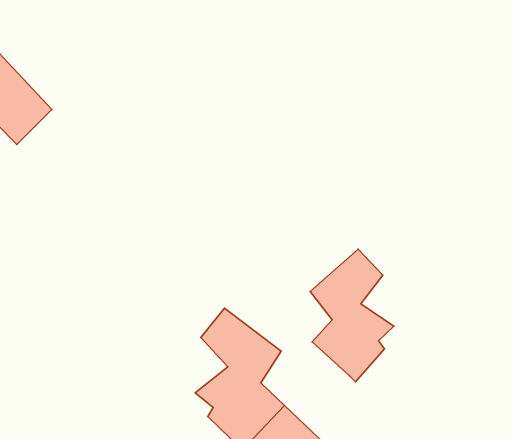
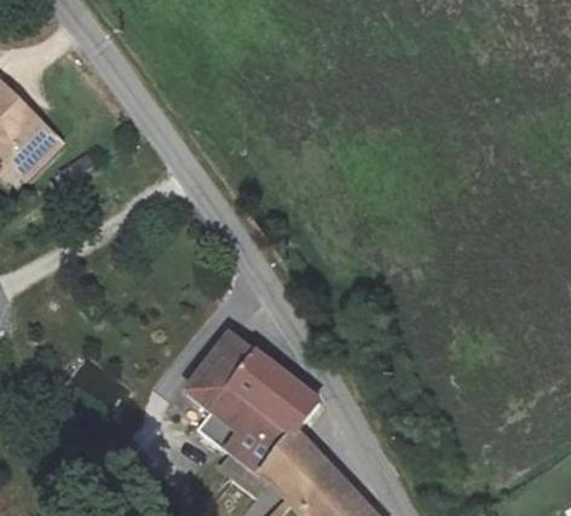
building: [310,249,394,382] -> none
building: none -> [184,334,258,446]

